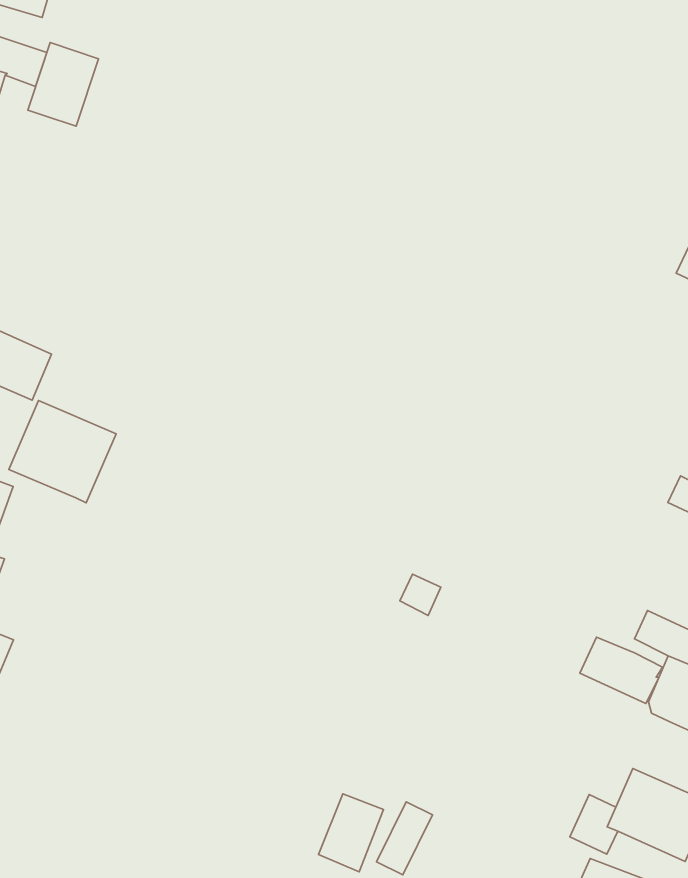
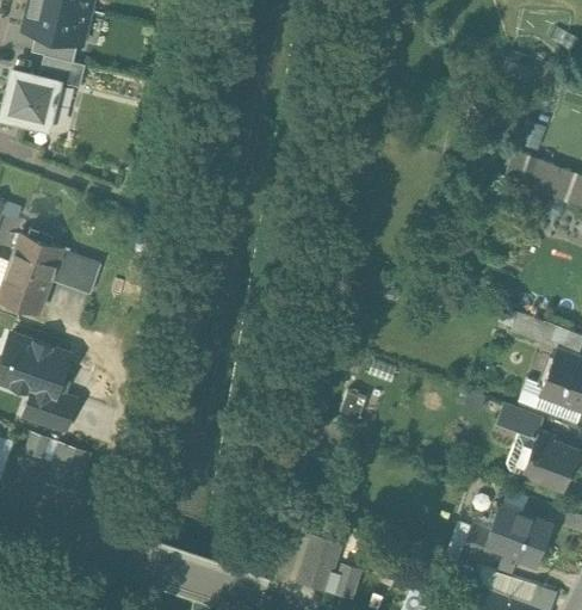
building: [28,43,99,126] -> none
building: [9,400,116,503] -> none
building: [580,637,663,703] -> none

